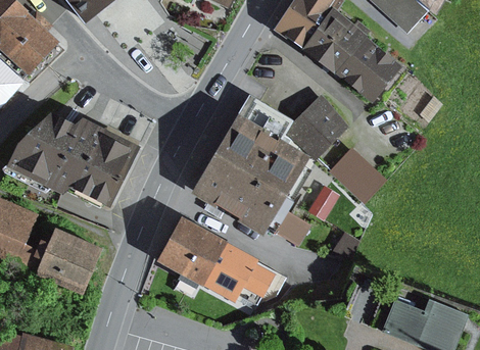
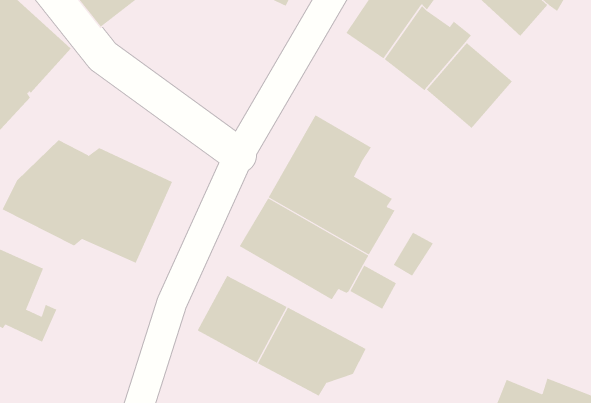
building: [285,92,348,159] -> none
building: [329,145,387,202] -> none
building: [37,228,102,291] -> none

